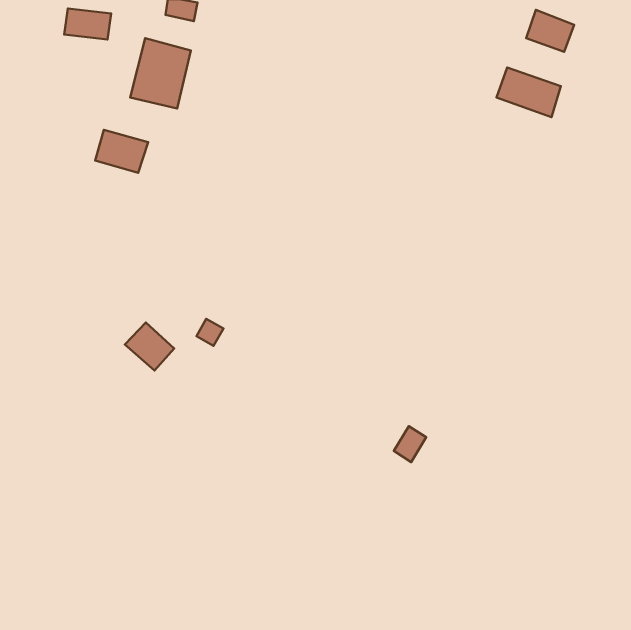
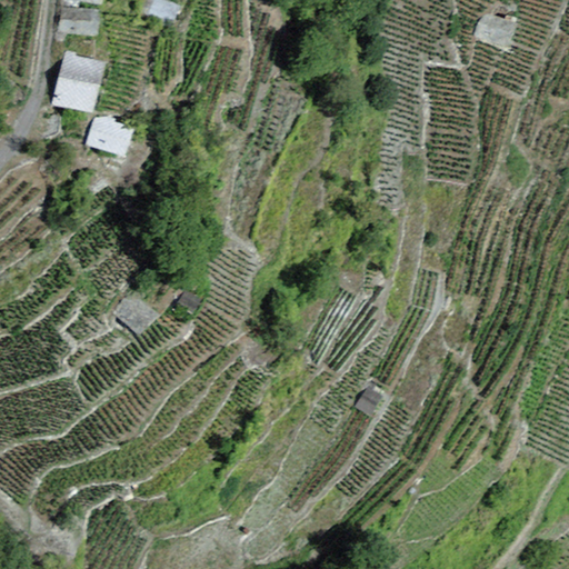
building: [130,38,191,109] -> [51,51,106,114]
building: [496,67,561,117] -> none

